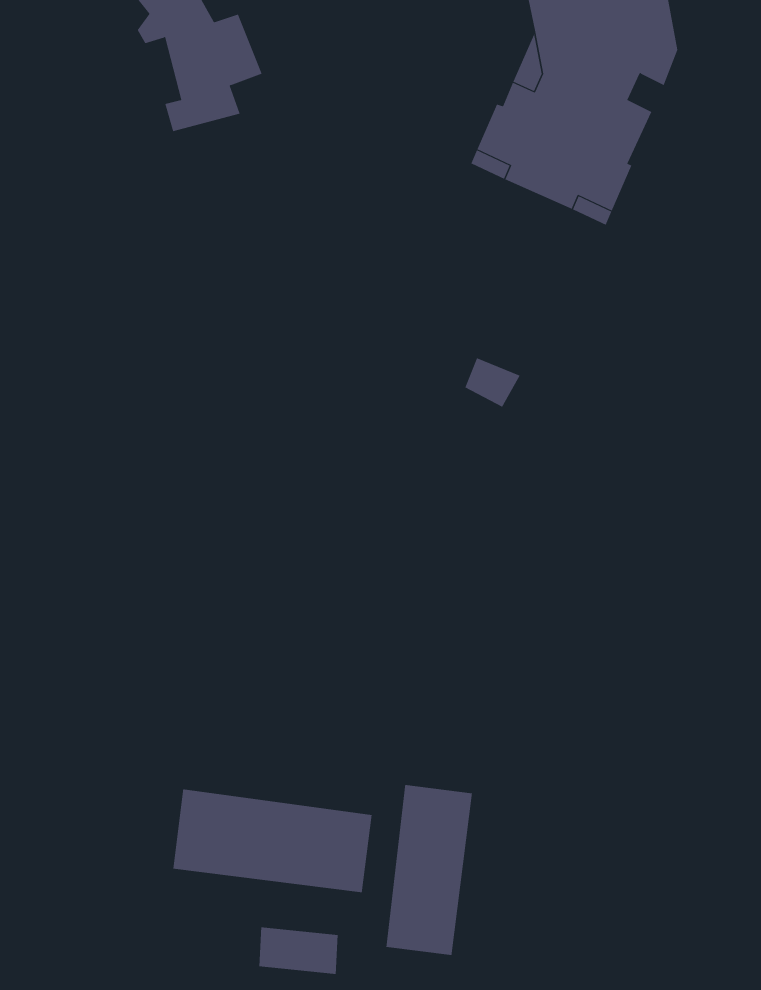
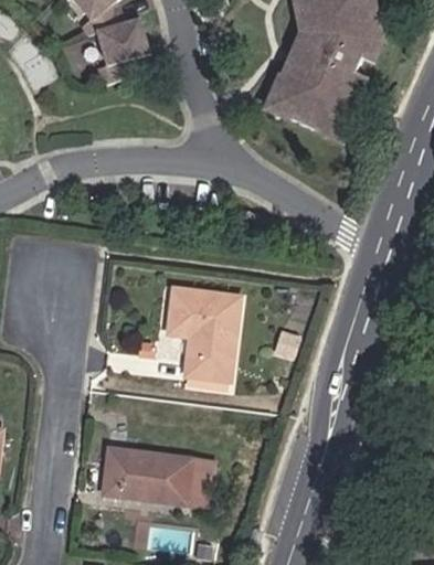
building: none -> [166,287,236,379]
building: [386,784,472,956] -> none

